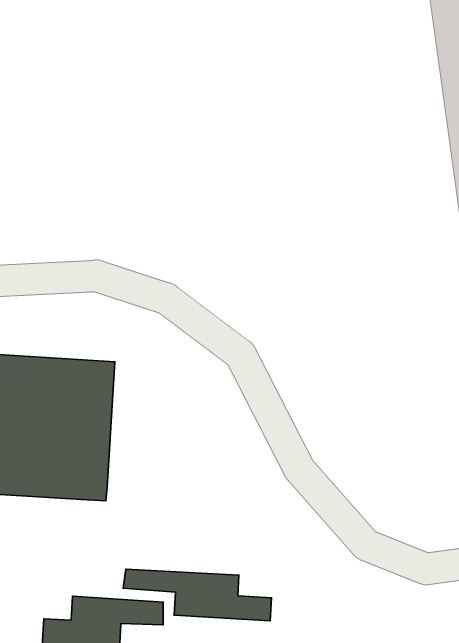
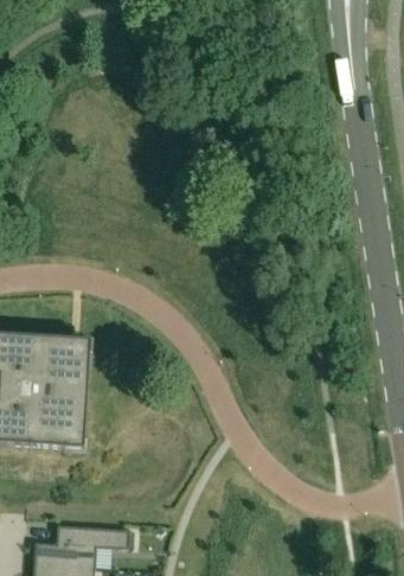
building: [123,569,272,621] -> none

